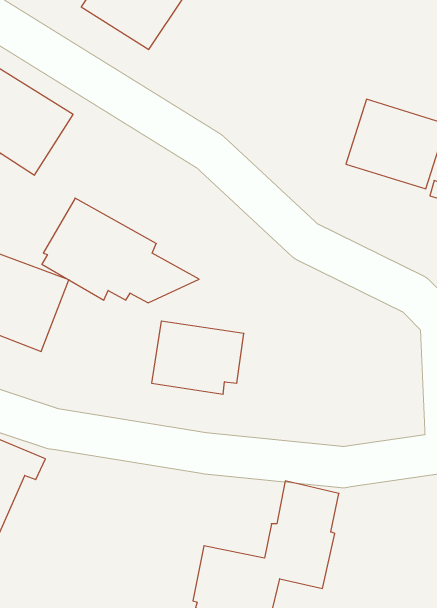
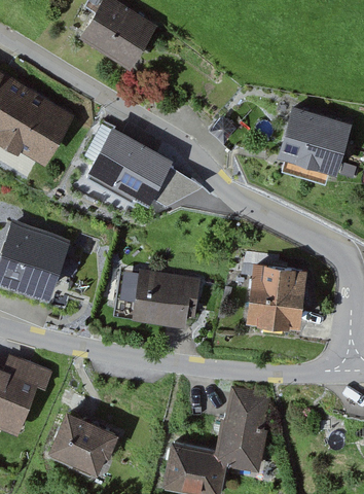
building: [42,198,199,303] -> [86,128,204,206]
building: none -> [245,264,306,327]
building: none -> [48,411,119,471]

